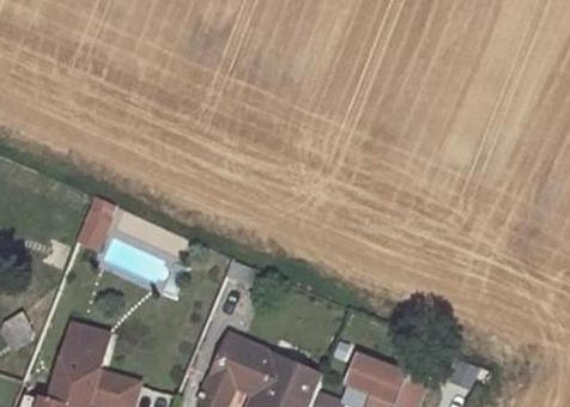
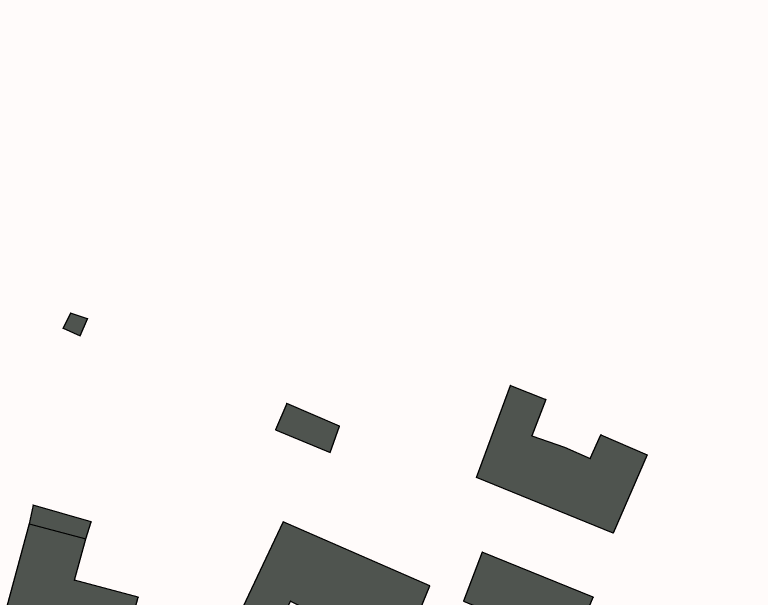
building: none -> [477,385,647,533]

